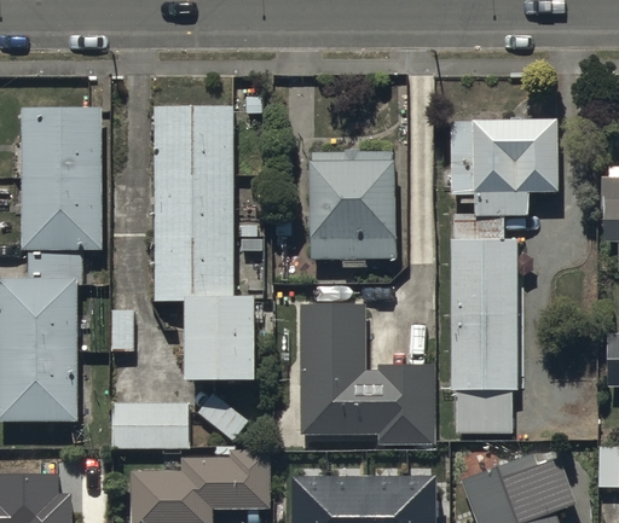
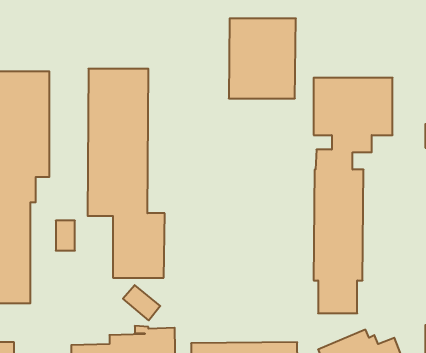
building: [310,155,399,261] -> [229,18,296,98]
building: [301,306,435,447] -> none
building: [112,407,187,447] -> none

